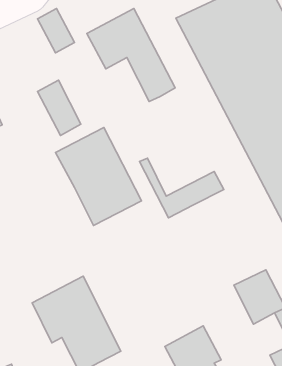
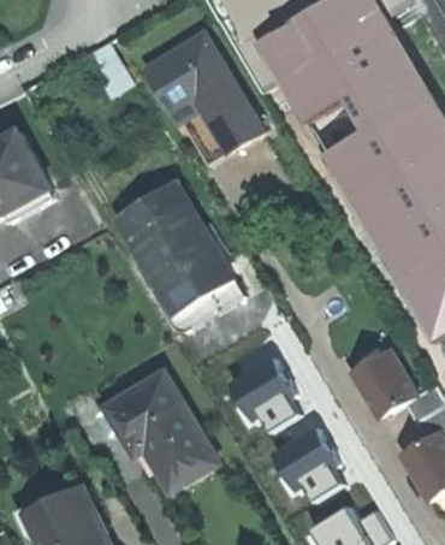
building: [37,80,81,135] -> [173,95,230,164]
building: [139,158,224,218] -> [135,261,242,333]
building: none -> [226,355,298,432]

